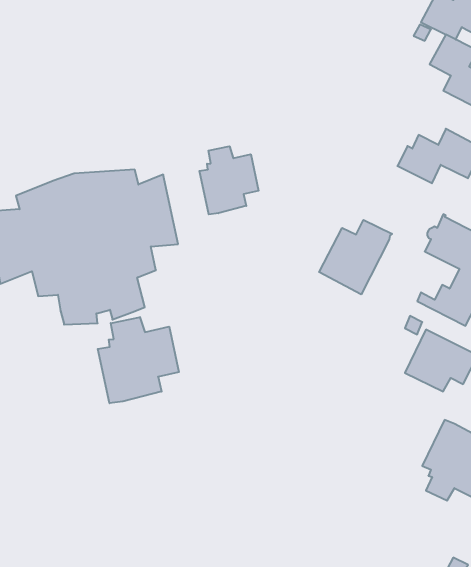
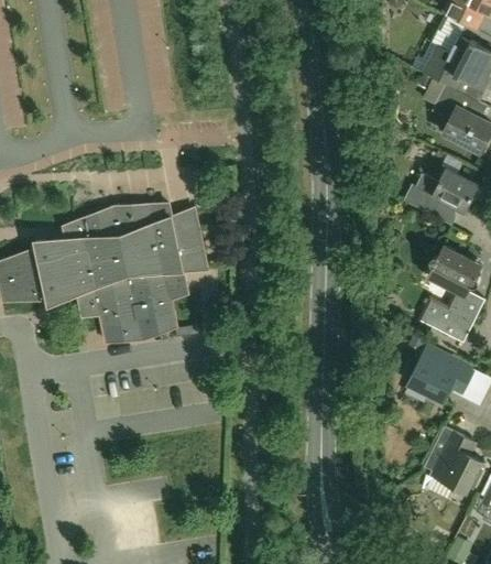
building: [199,146,259,214] -> none
building: [319,220,392,294] -> none
building: [98,317,179,403] -> none

